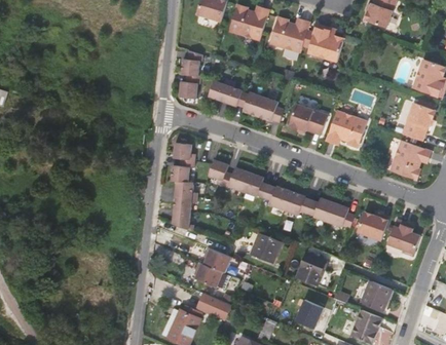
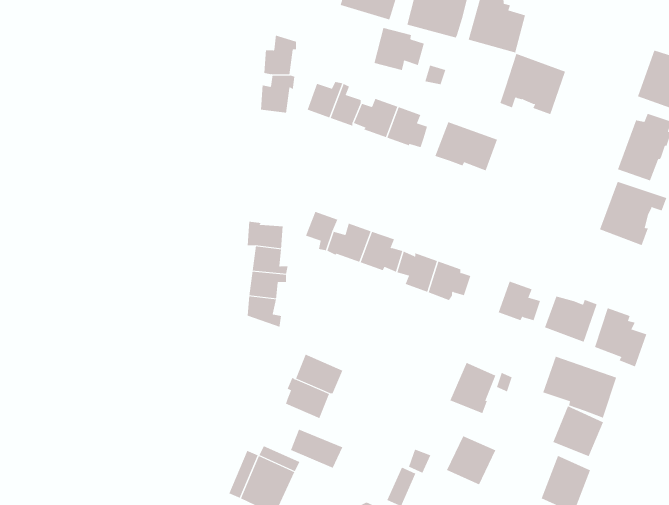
building: none -> [374,27,425,71]
building: [326,110,367,148] -> [499,53,566,115]
building: [174,143,195,168] -> none
building: [306,197,334,222] -> none
building: [251,233,282,264] -> none
building: none -> [543,356,617,418]

